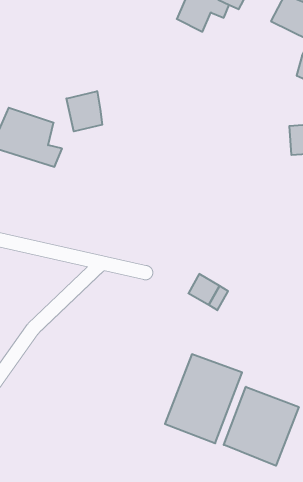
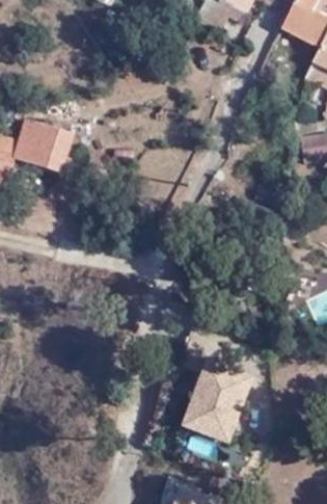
building: [66,91,102,131] -> none
building: [224,387,299,466] -> none

